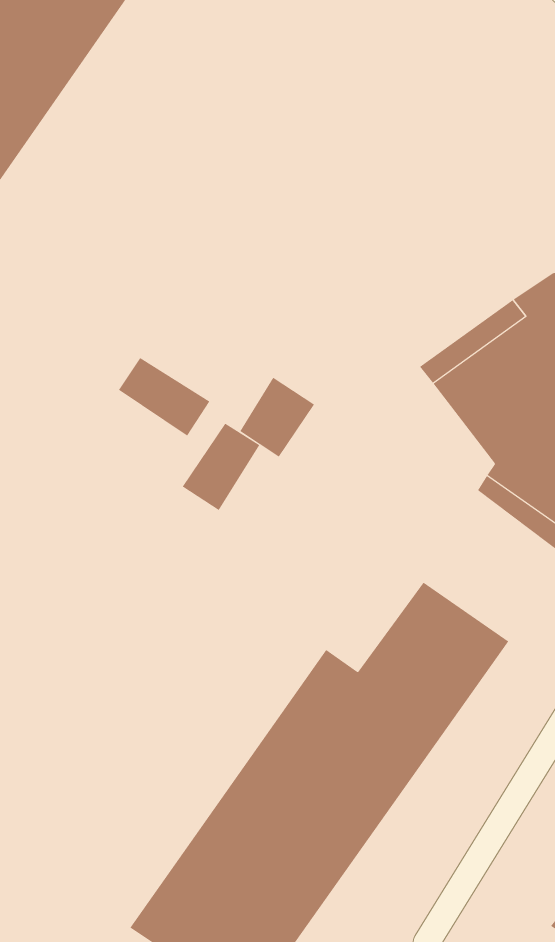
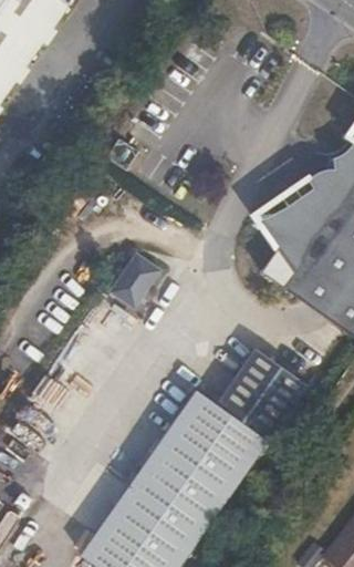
building: [118,357,210,436] -> none
building: [239,377,315,457] -> none

